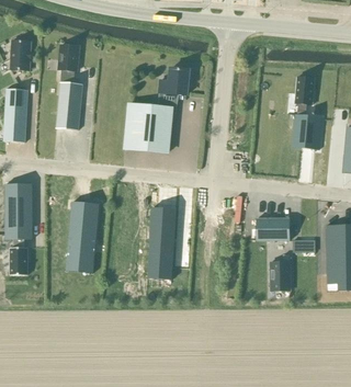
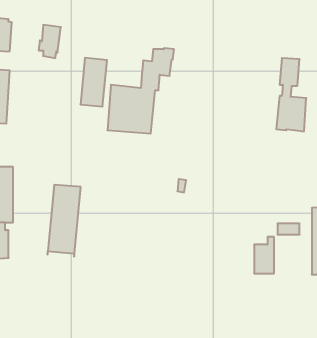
building: [56,80,82,128] -> [80,58,107,107]
building: [147,206,177,278] -> none
building: [257,216,290,239] -> none

